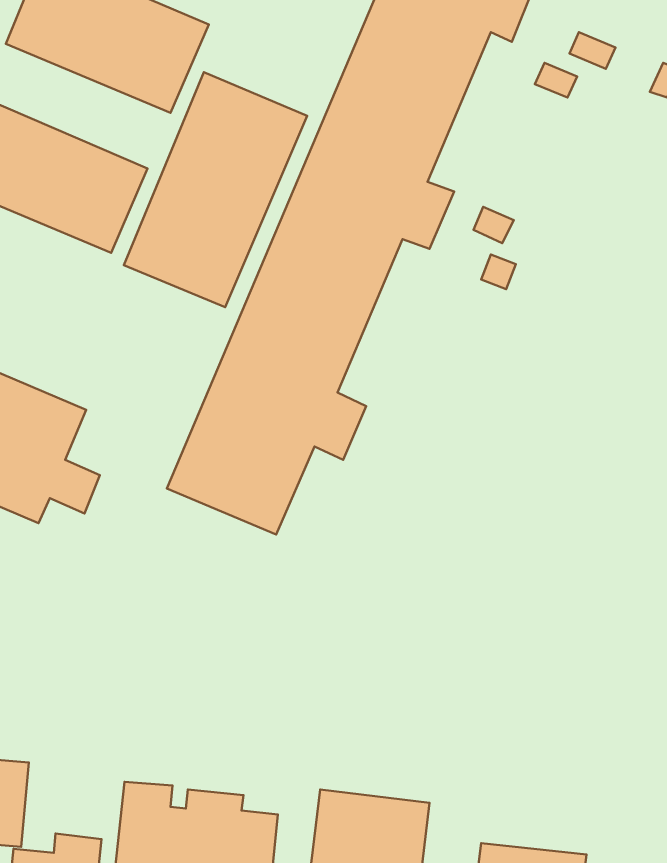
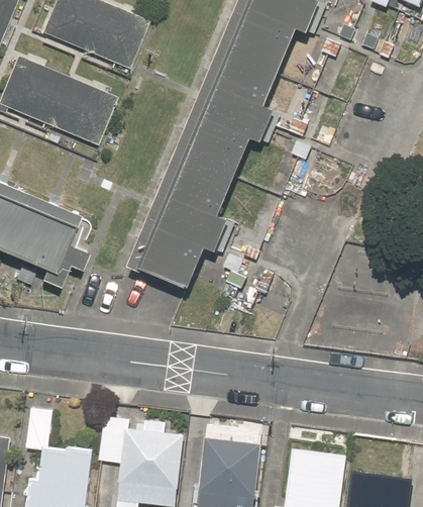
building: [124,72,307,307] -> none

